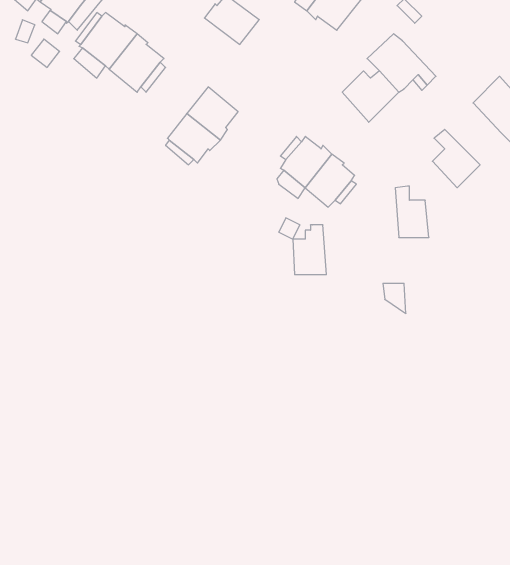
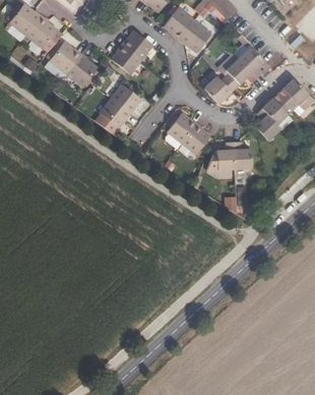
building: none -> [112,44,142,73]
building: none -> [236,45,269,77]
building: none -> [260,93,293,130]
building: [293,225,326,275] -> [214,142,234,170]

